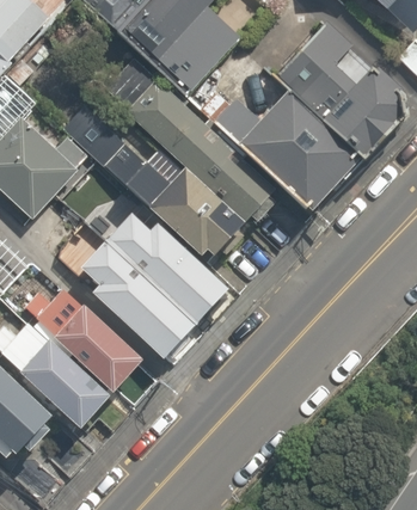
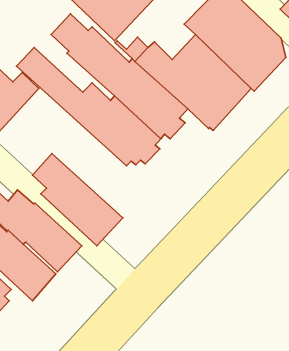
building: [105,211,228,322] -> none

